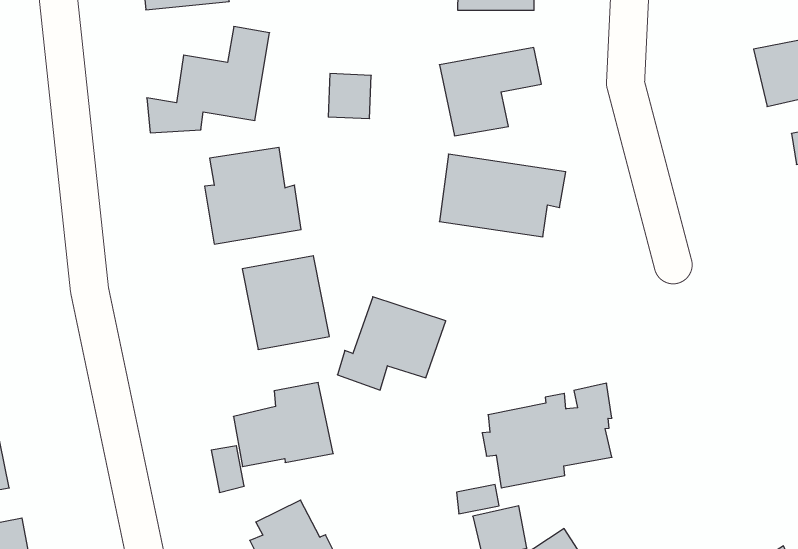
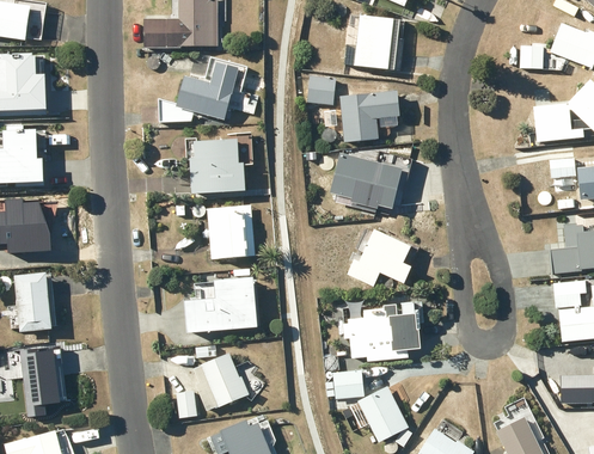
building: [328,74,371,119] -> [307,75,336,105]
building: [337,297,446,390] -> [348,229,417,287]

